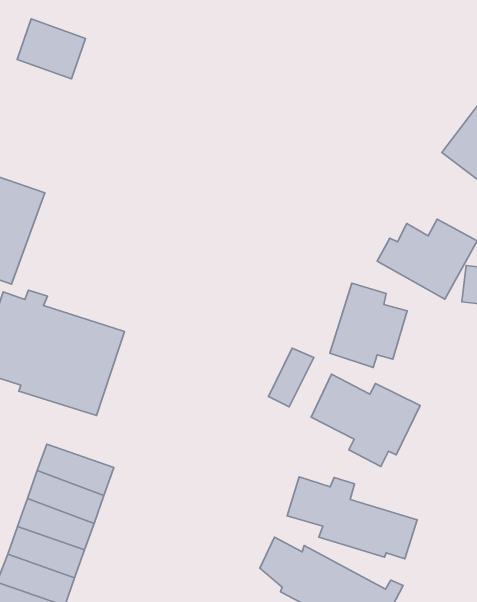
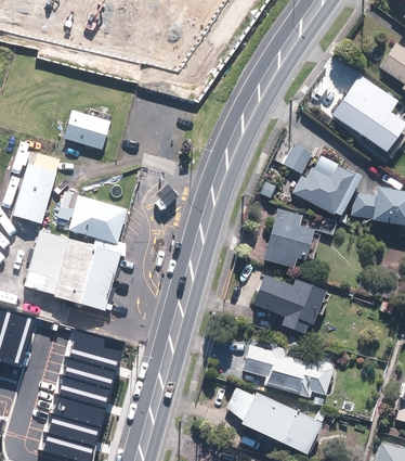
building: [17,19,85,79] -> [64,112,109,151]
building: none -> [282,144,312,175]
building: none -> [57,192,129,245]
building: [268,348,314,407] -> none

